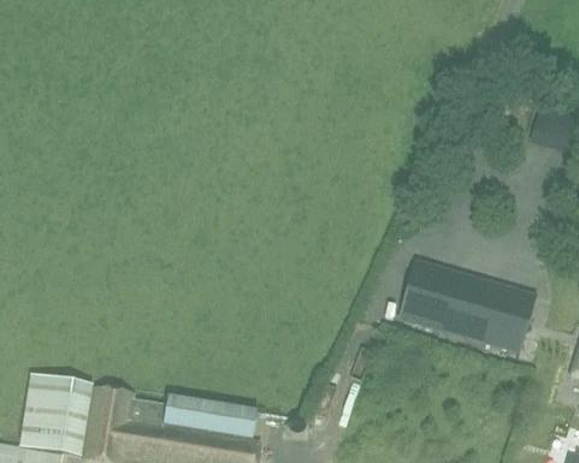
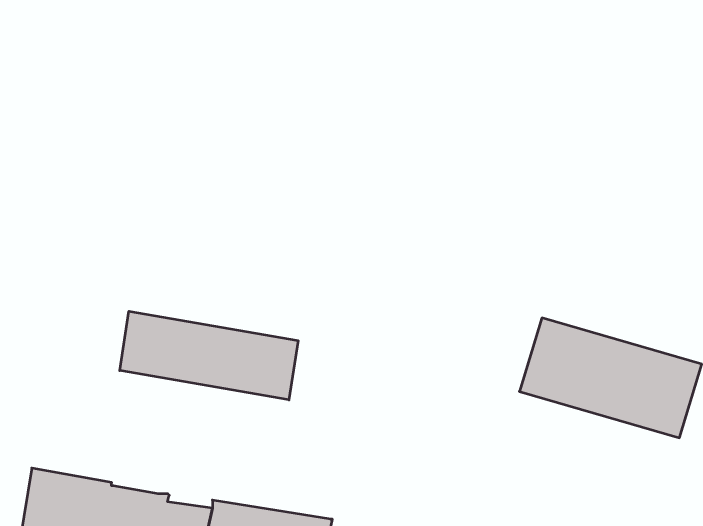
building: none -> [120,311,298,400]

